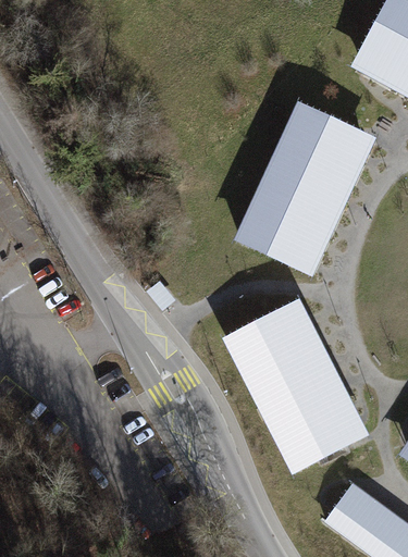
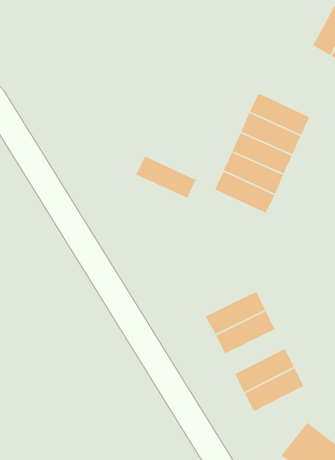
building: [238,219,308,268] -> [135,155,197,199]
building: [227,311,297,361] -> none
building: [261,376,330,426] -> none

